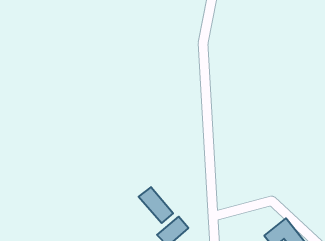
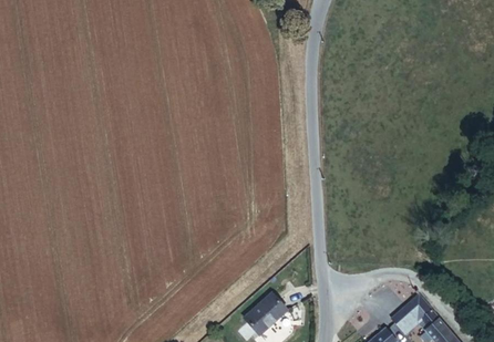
building: [139,187,173,223] -> none

